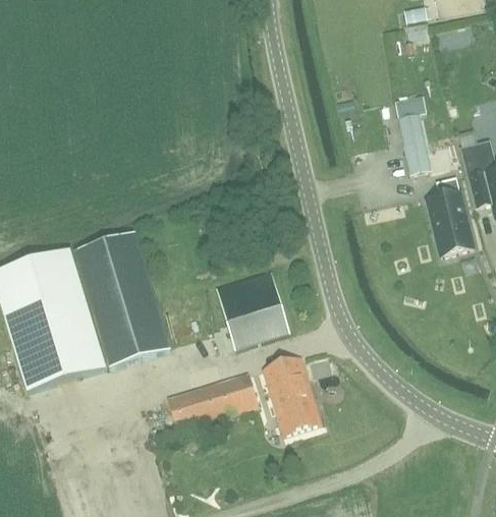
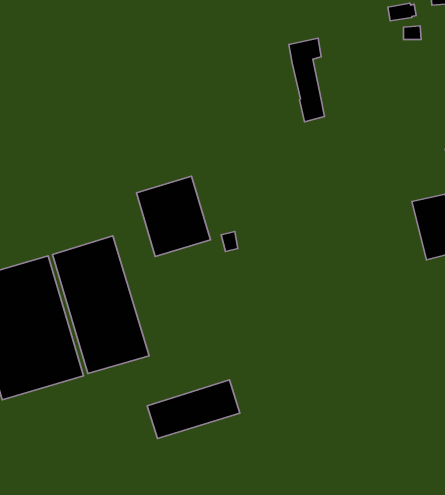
building: [395,92,430,173] -> [289,38,324,122]
building: [217,269,289,347] -> [136,176,210,257]
building: [263,354,322,433] -> none

